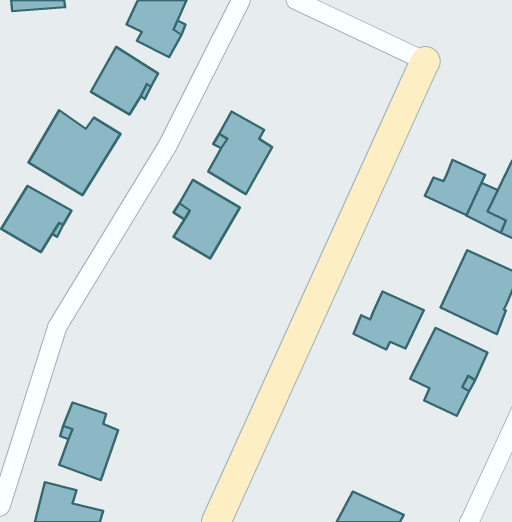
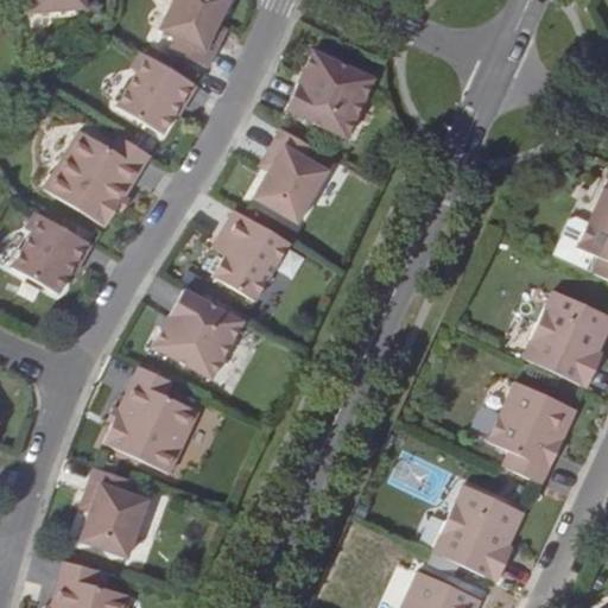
building: none -> [285,50,374,137]
building: [425,160,485,215] -> none
building: none -> [152,289,243,379]
building: [354,291,424,349] -> none
building: none -> [104,366,201,474]
building: none -> [435,484,526,580]

